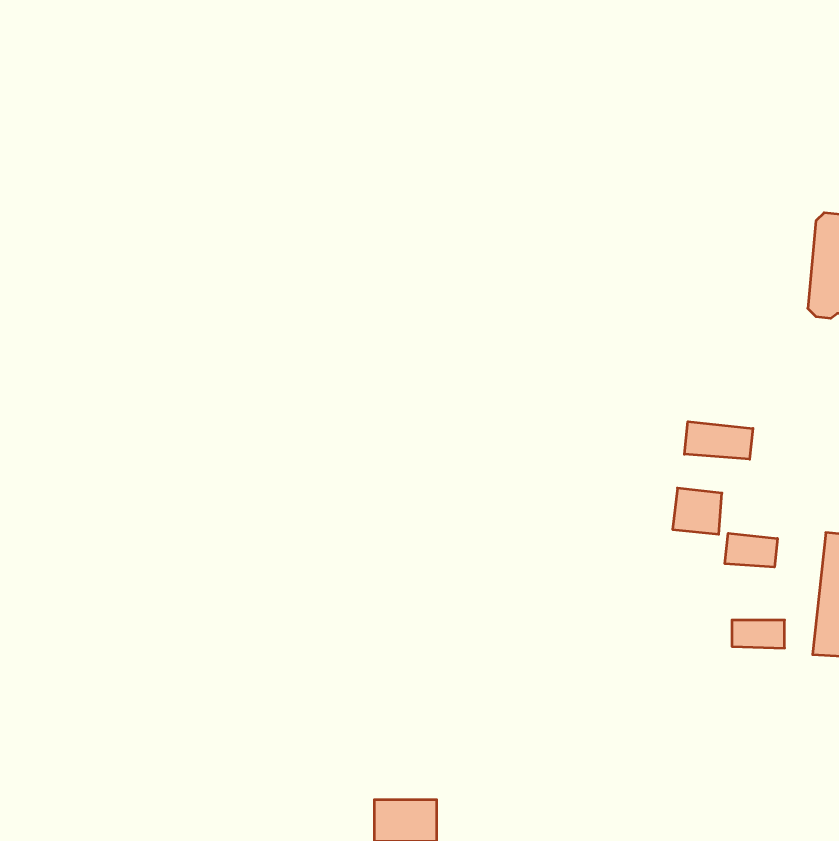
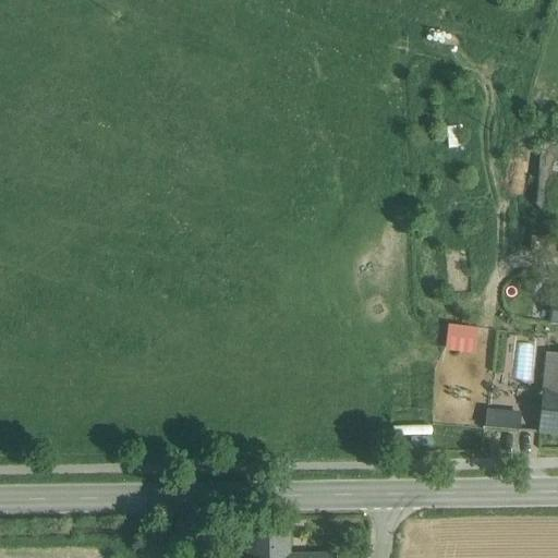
building: [684,422,753,459] -> none
building: [725,533,777,567] -> none

